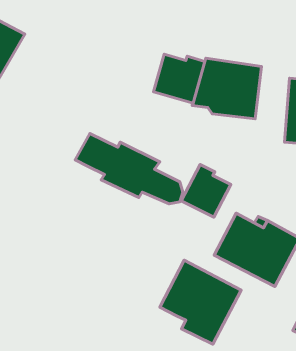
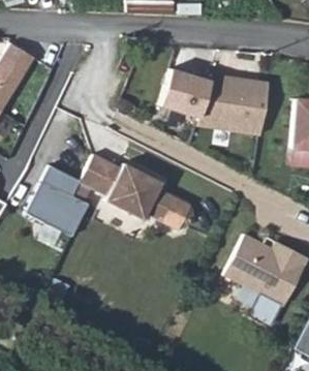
building: none -> [30,166,91,236]
building: [181,164,231,217] -> none
building: [160,260,241,344] -> none

